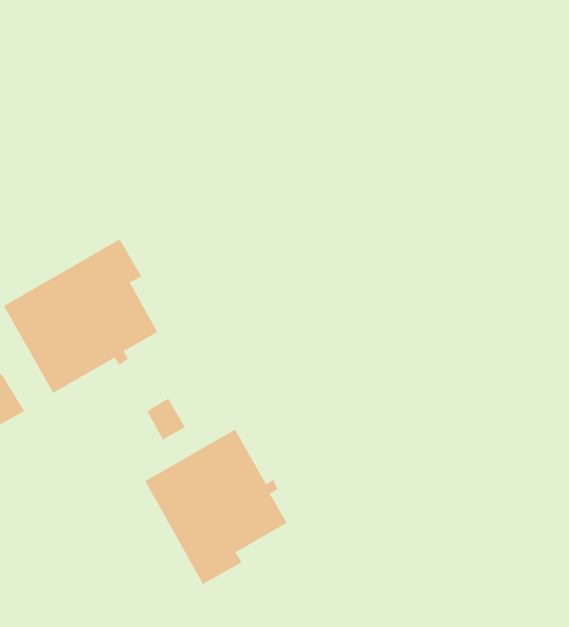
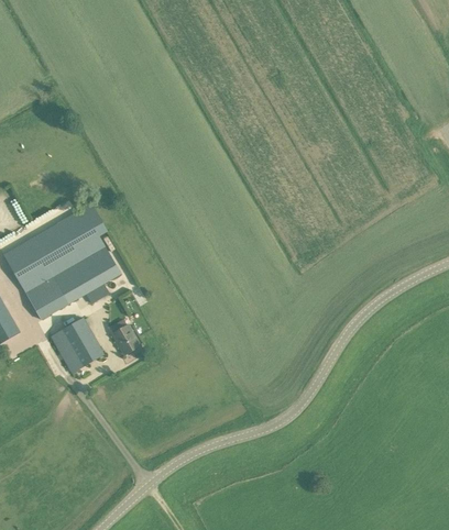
building: none -> [50,317,103,373]
building: [144,429,287,585] -> none

